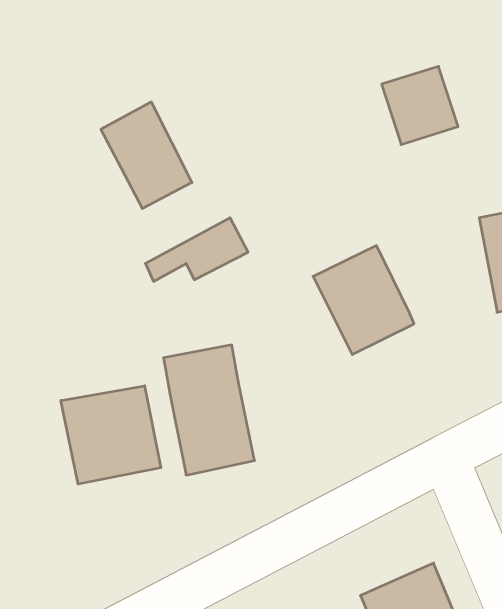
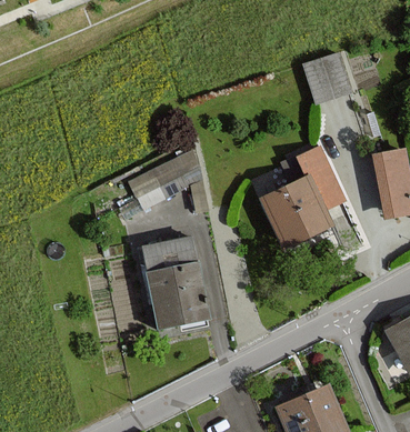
building: [101,102,192,209] -> none
building: none -> [283,141,344,217]
building: [61,386,161,484] -> none

